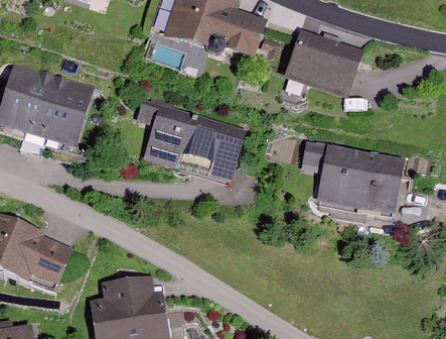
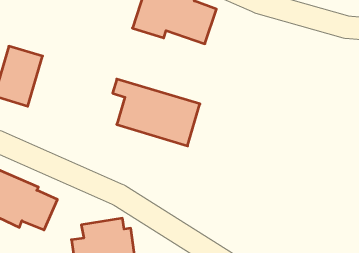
building: [286,30,361,96] -> none
building: [35,73,95,146] -> none
building: [301,140,406,217] -> none

